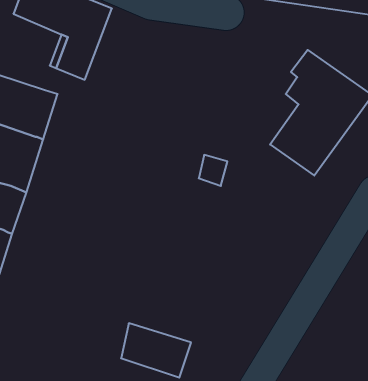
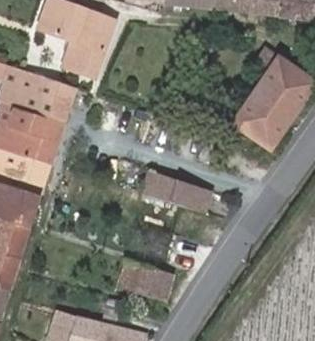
building: none -> [144,170,212,213]

